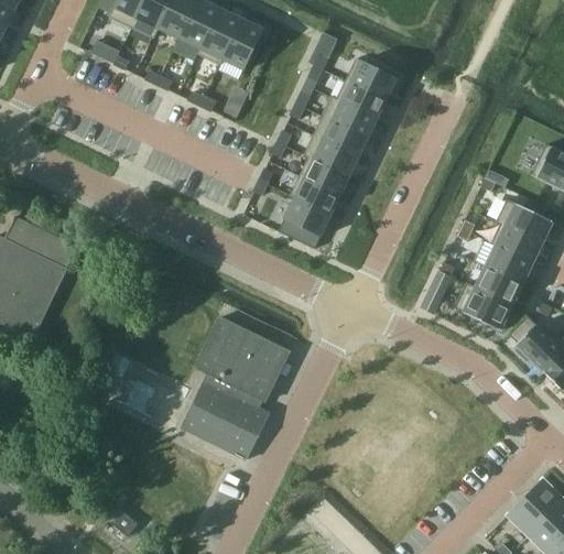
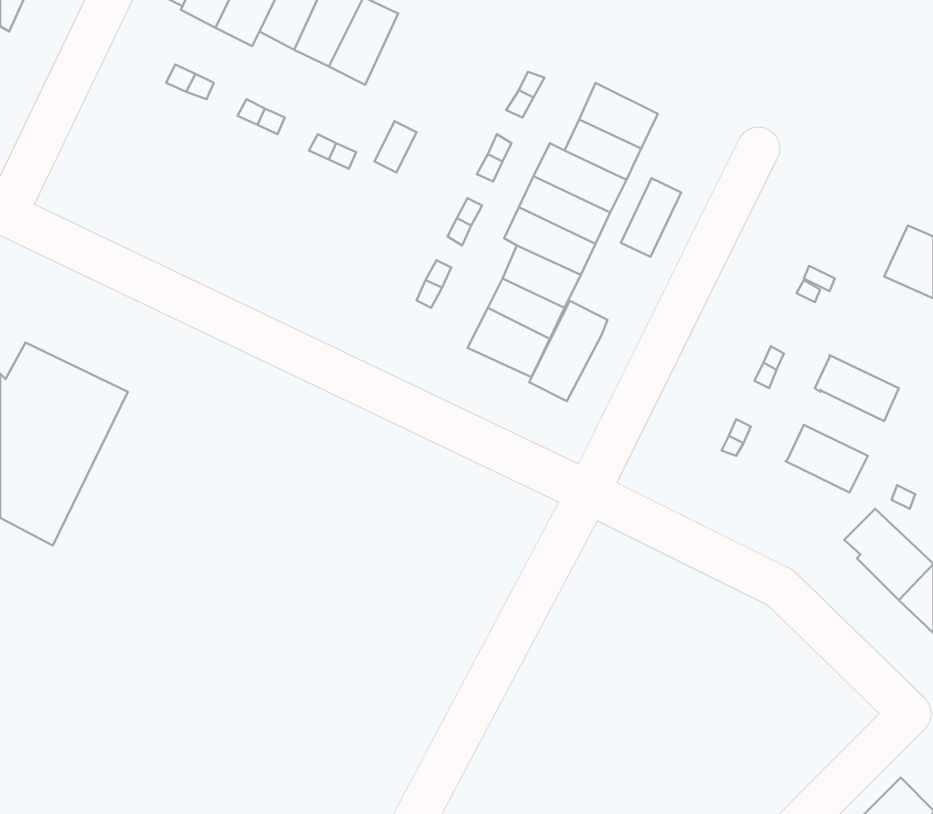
building: [220,18,262,70] -> none
building: none -> [621,178,681,257]
building: none -> [529,301,608,401]
building: [496,200,553,243] -> none
building: [485,245,533,284] -> none
building: [455,283,512,328] -> none
building: [181,316,291,459] -> none

